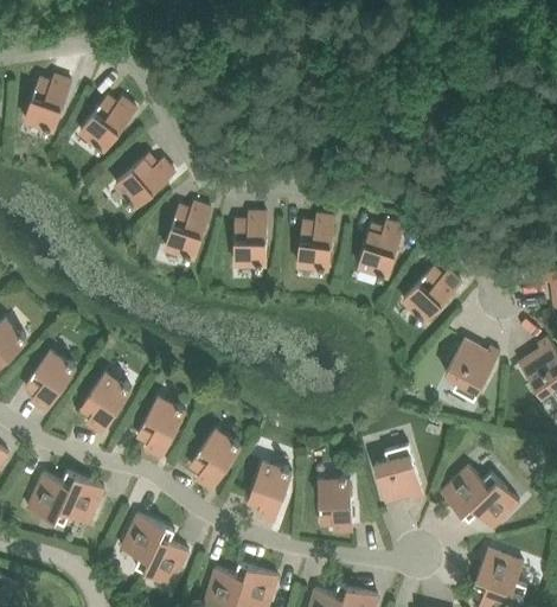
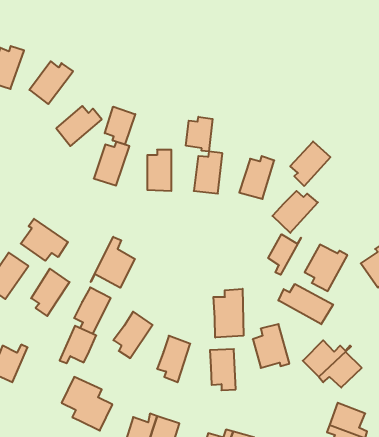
building: none -> [105,107,135,145]
building: none -> [186,117,213,152]
building: none -> [290,141,330,186]
building: none -> [21,219,68,261]
building: none -> [268,234,301,275]
building: none -> [91,237,135,288]
building: none -> [278,284,333,324]
building: none -> [213,289,243,338]
building: [56,474,104,524] -> [60,326,96,363]

